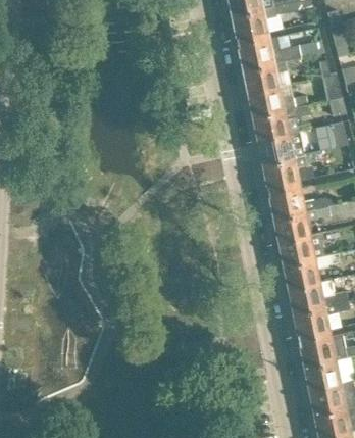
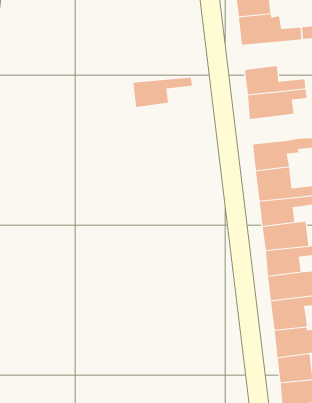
building: [242,57,300,91] -> [133,77,193,107]
building: [256,129,304,161] -> none

